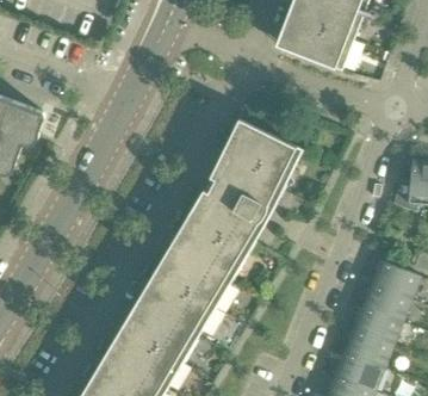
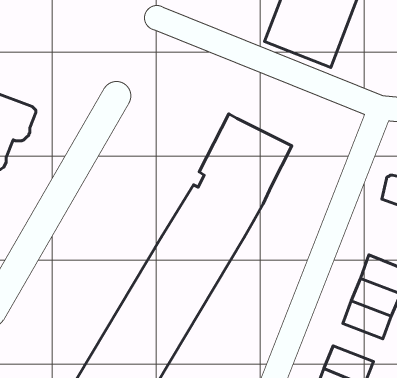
building: [345,328,395,366] -> none

